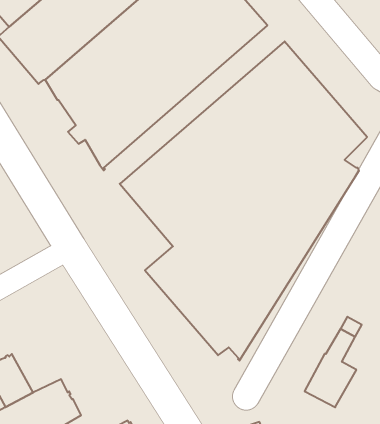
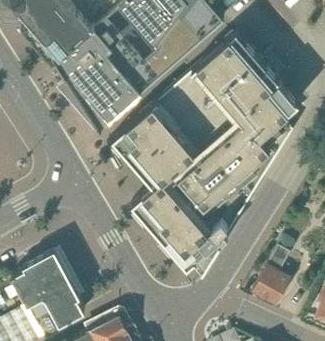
building: none -> [31,256,68,297]

